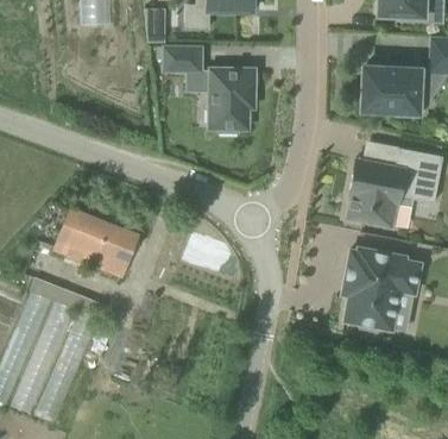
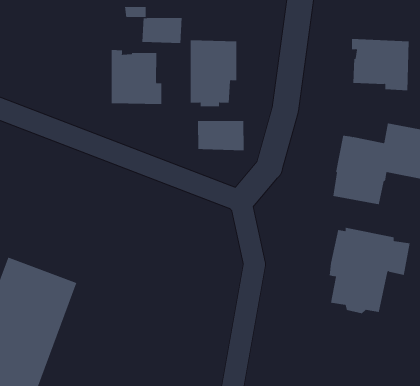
building: none -> [111,49,162,105]
building: none -> [197,120,244,151]
building: [55,209,138,276] -> none

